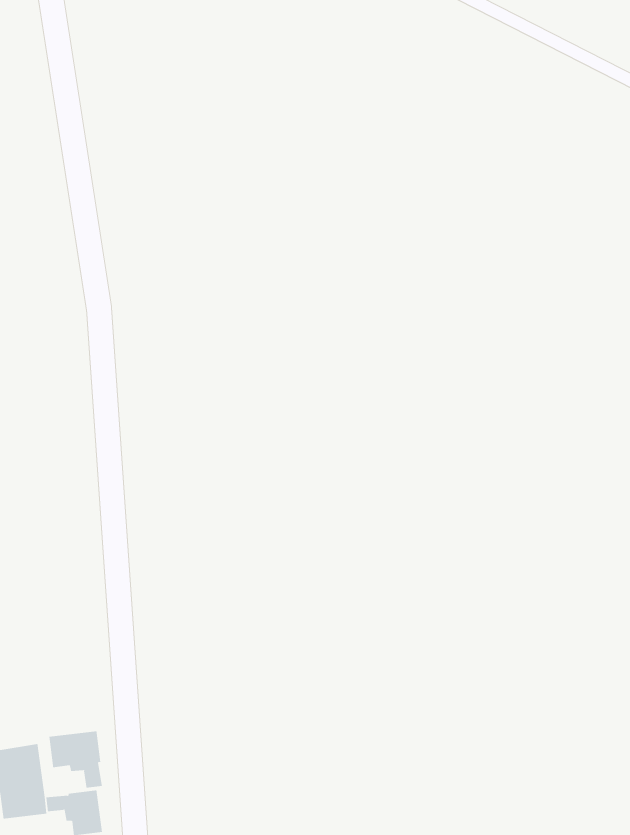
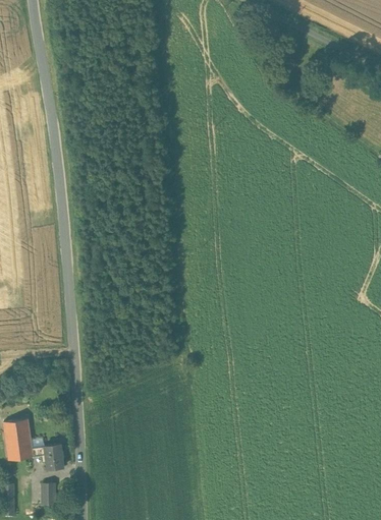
building: [49,731,103,788] -> none

